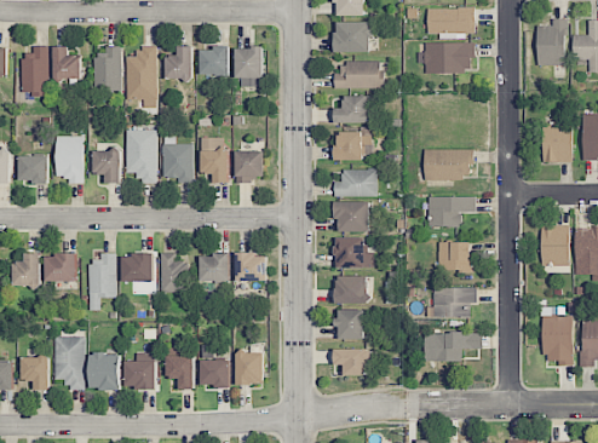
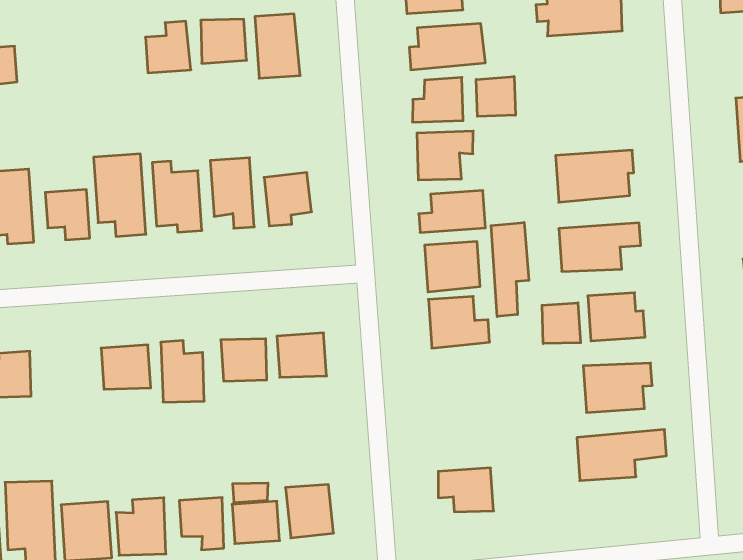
building: [93,46,120,91] -> none
building: [125,46,156,100] -> none
building: none -> [476,76,515,116]
building: none -> [491,222,529,317]
building: none -> [542,303,581,344]
building: [88,253,116,311] -> none
building: [335,276,367,304] -> none
building: [335,310,363,340] -> none

